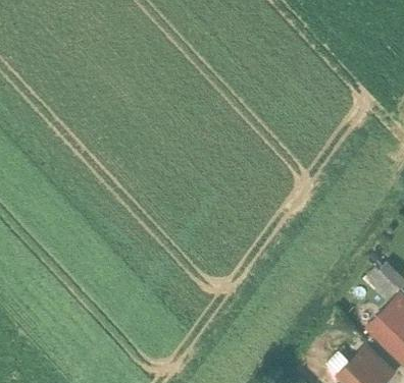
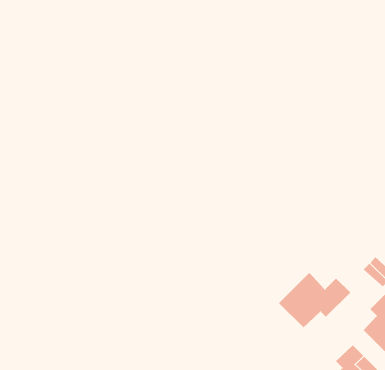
building: none -> [278,272,351,328]

